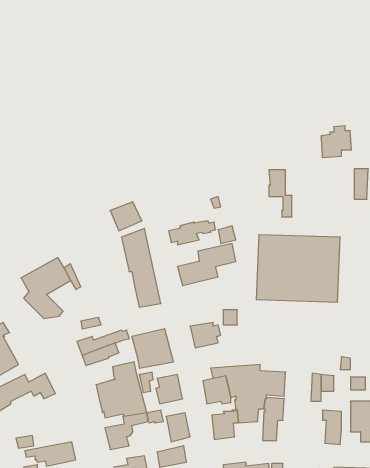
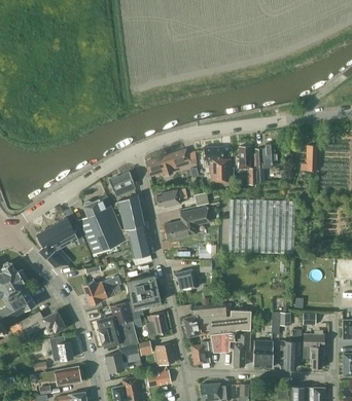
building: [321,126,352,157] -> [255,144,280,170]
building: none -> [204,147,232,185]
building: none -> [146,150,190,177]
building: none -> [78,196,129,254]
building: none -> [49,336,73,362]
building: none -> [253,341,273,368]

